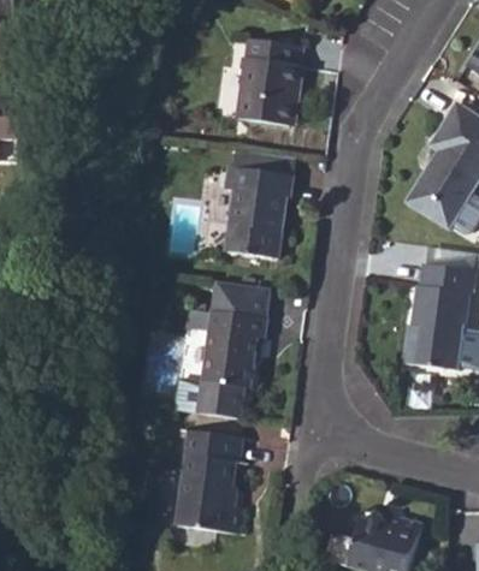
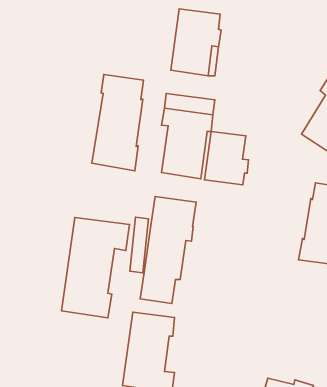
building: none -> [92,74,144,171]
building: none -> [204,132,248,185]
building: none -> [62,218,130,318]

